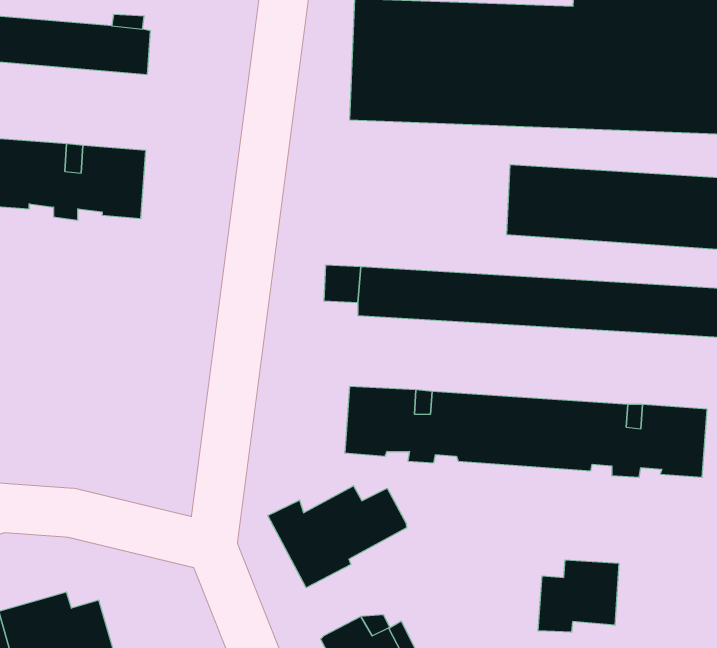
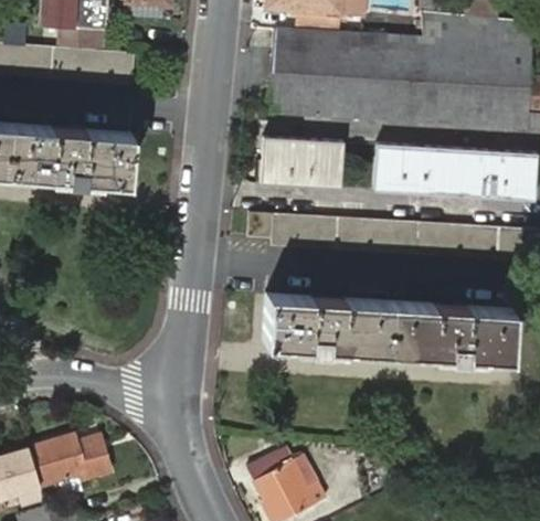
building: none -> [263,136,345,190]
building: [268,486,407,588] -> none
building: [538,560,619,632] -> none

